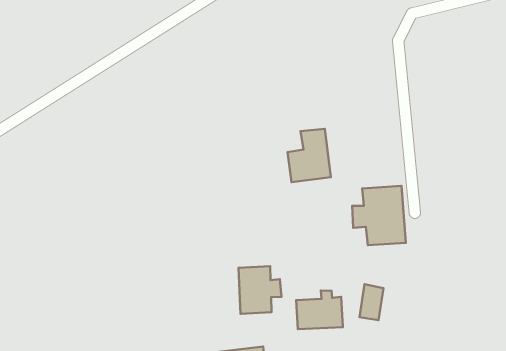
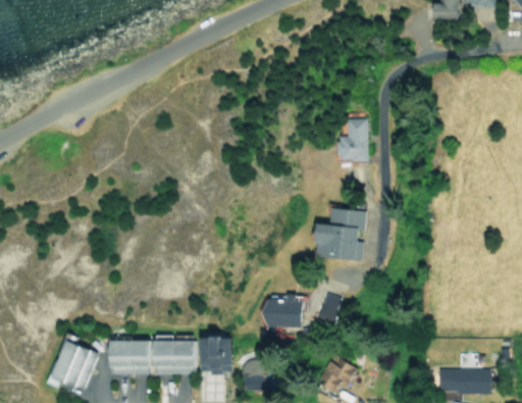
building: [287,129,331,182] -> [340,117,375,161]
building: [238,266,281,314] -> none

